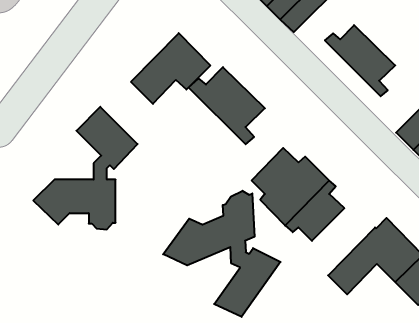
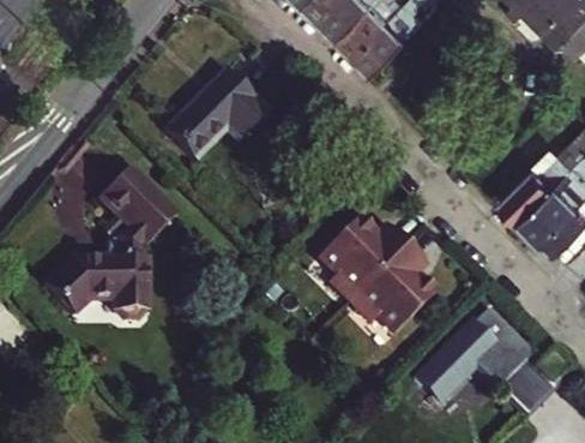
building: [325,25,395,96] -> none
building: [189,67,265,144] -> none
building: [163,191,281,317] -> none

